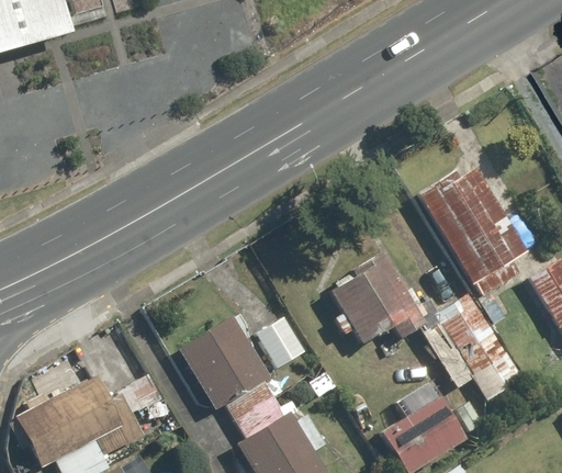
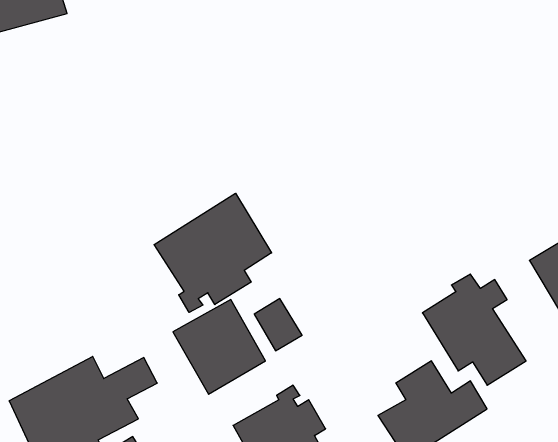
building: [418,162,528,297] -> none
building: none -> [154,193,272,312]
building: [327,254,427,346] -> none

